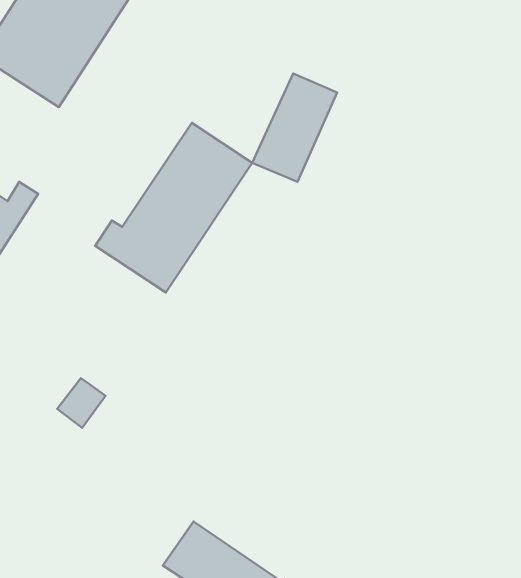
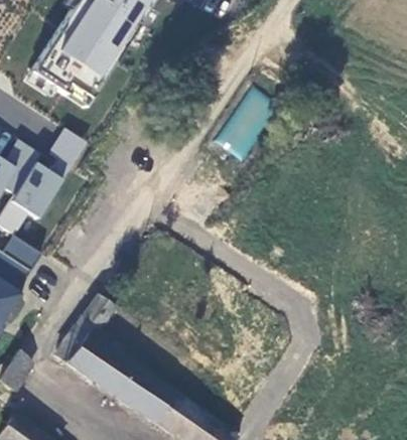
building: [95,123,252,292] -> none
building: none -> [47,128,86,167]
building: none -> [54,324,176,423]

